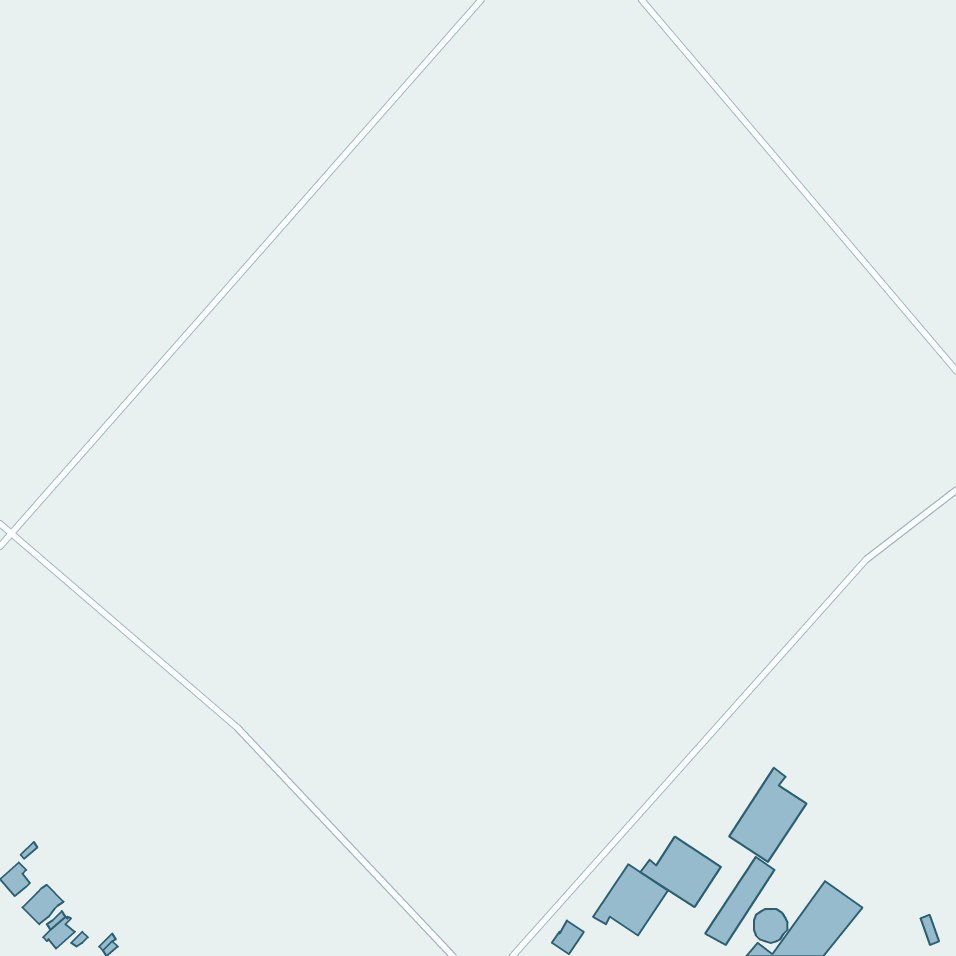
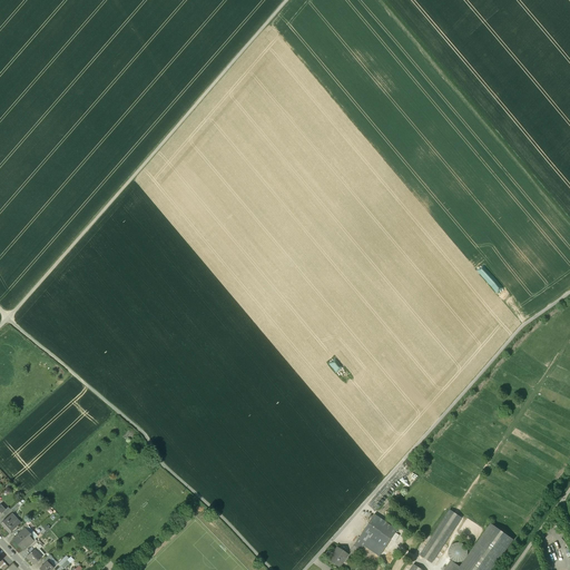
building: [729,768,806,862] -> none
building: [640,837,721,907] -> none

